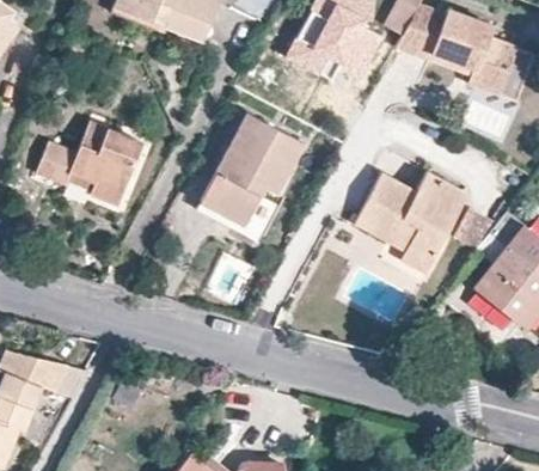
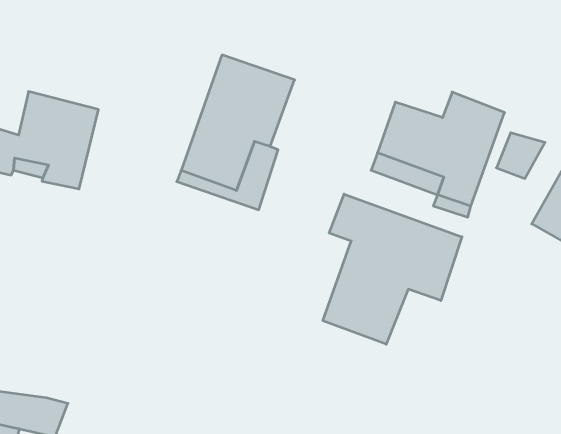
building: none -> [323,194,462,344]

